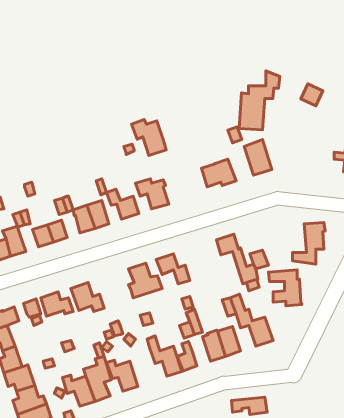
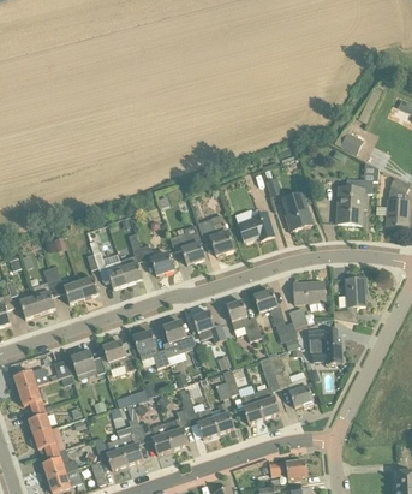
building: [239,71,280,130] -> [336,162,378,224]
building: [131,120,166,155] -> [197,218,233,255]
building: none -> [292,280,324,303]
building: none -> [226,299,261,340]
building: none -> [132,329,169,367]
building: none -> [163,407,190,448]

